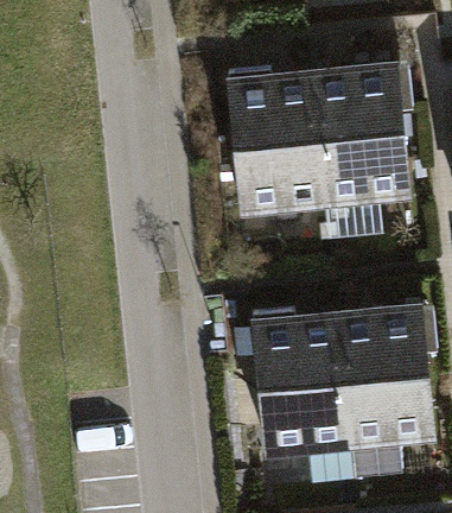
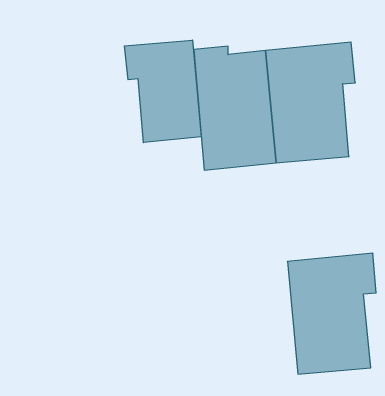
building: none -> [125,40,201,143]
building: [256,308,350,449] -> none

